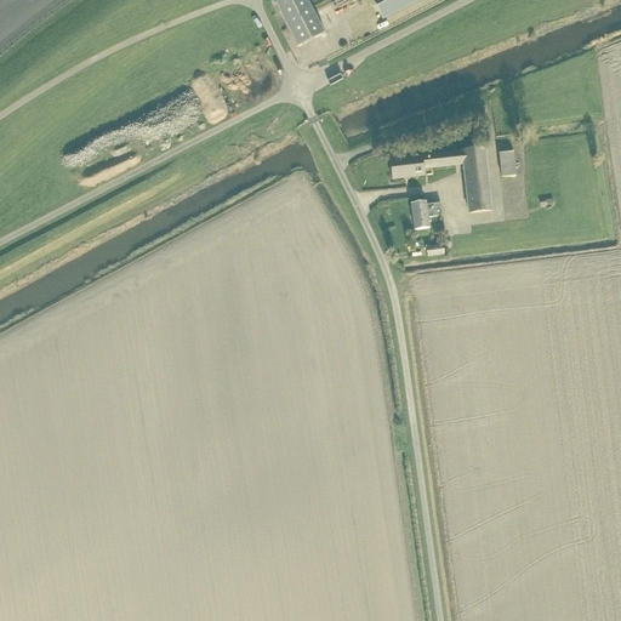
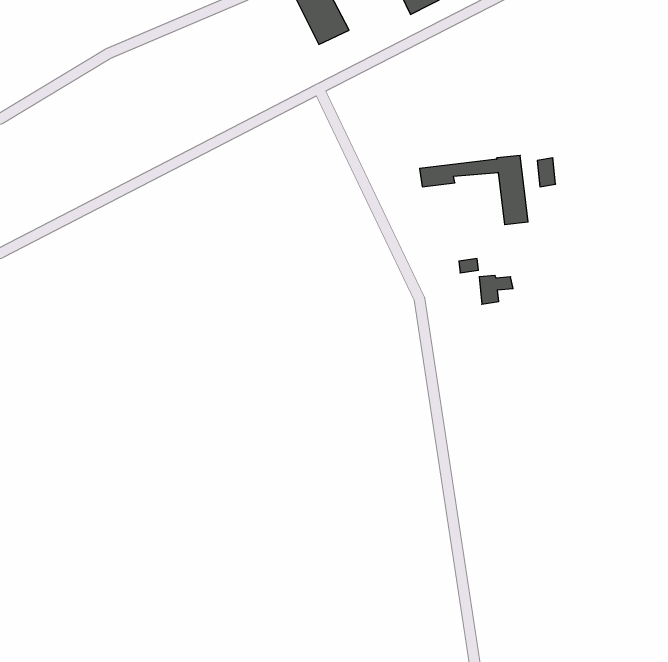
building: [410,199,441,226] -> [479,275,513,304]

